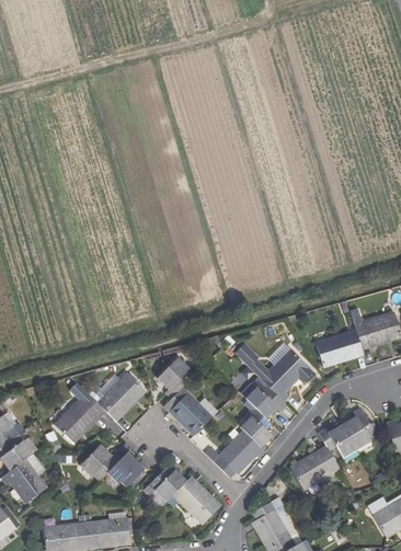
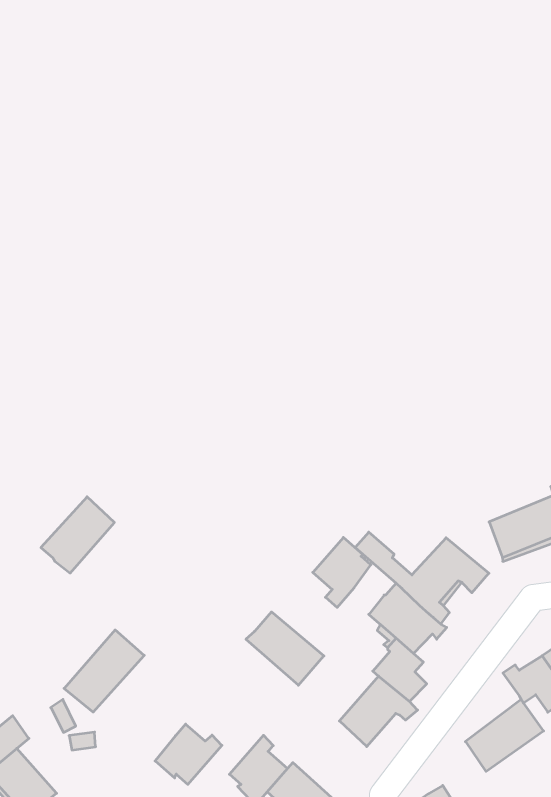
building: [158,357,193,399] -> [313,537,371,607]
building: [98,374,142,418] -> [41,497,114,573]
building: [79,445,119,480] -> none

